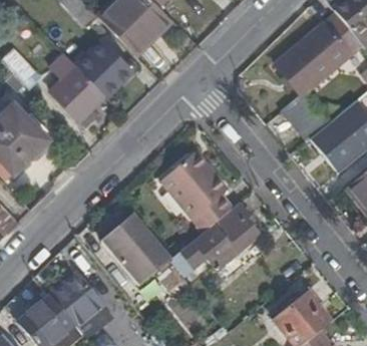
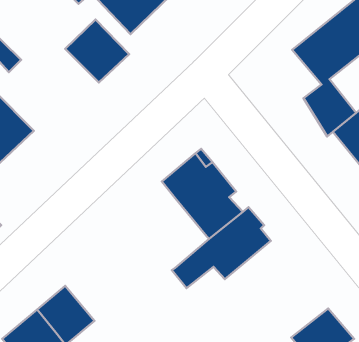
building: [47,49,103,119] -> none
building: [102,215,171,286] -> none

